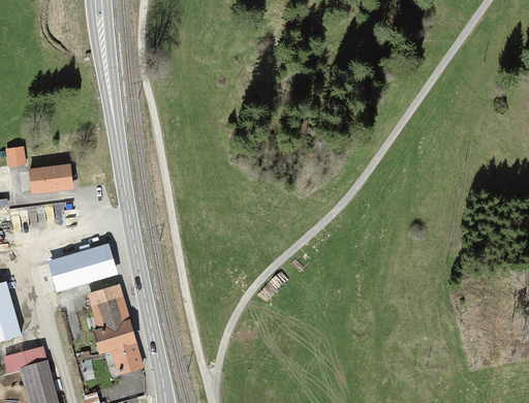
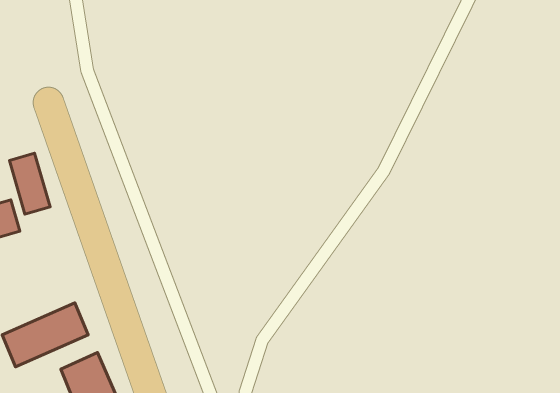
building: none -> [9,153,50,214]

